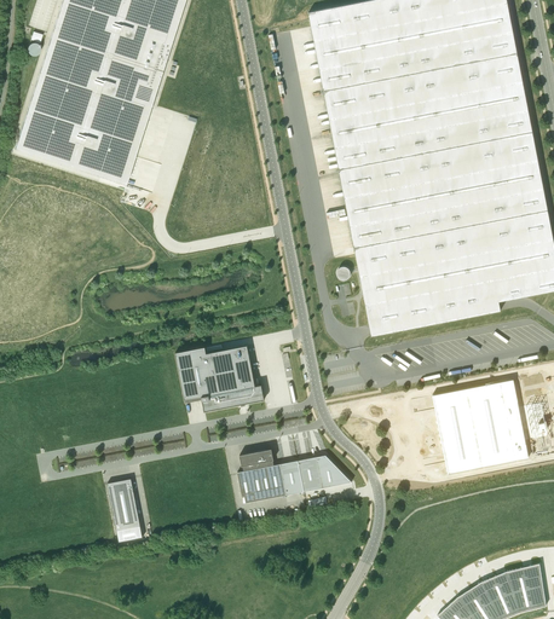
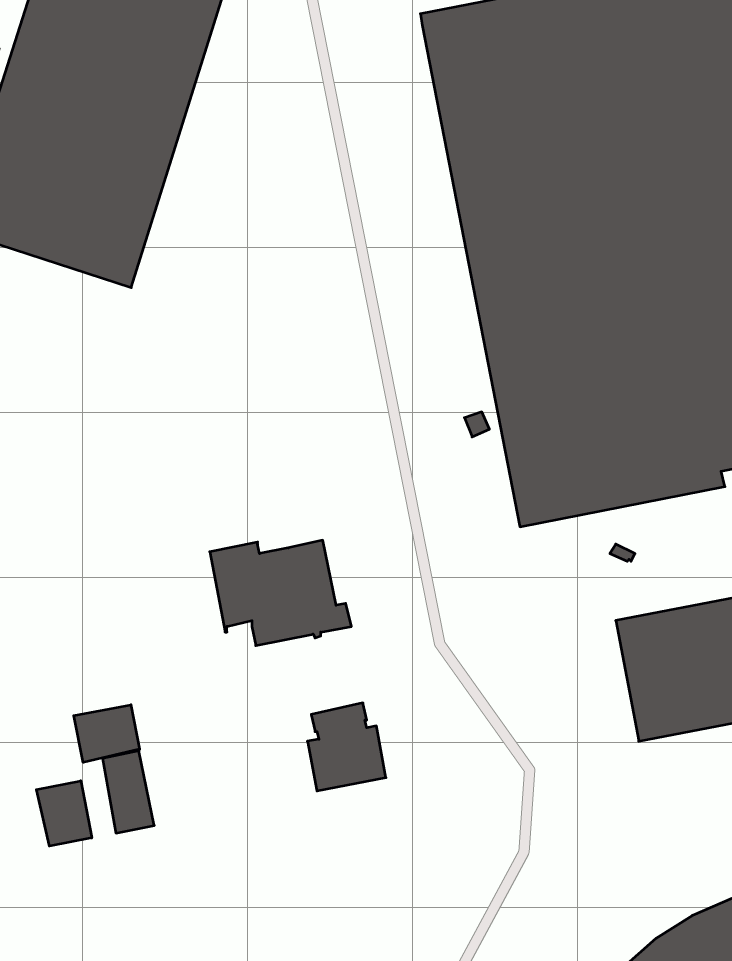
building: none -> [74,705,140,762]
building: [281,453,352,494] -> none
building: none -> [36,781,92,846]

